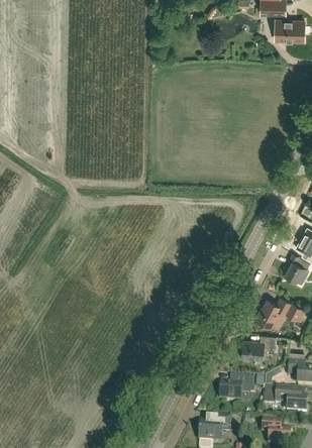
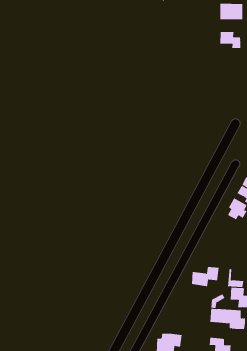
building: none -> [220,31,241,49]
building: [255,298,303,328] -> none
building: [219,375,255,400] -> none

